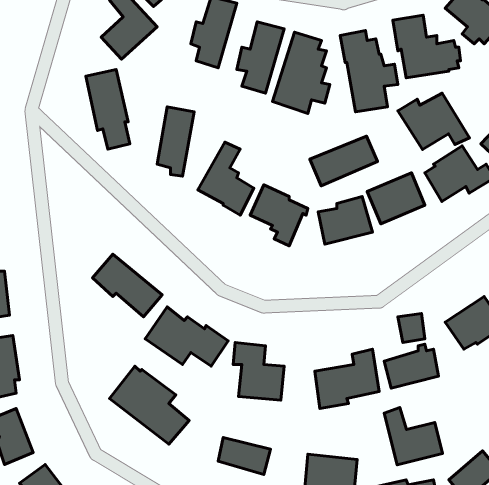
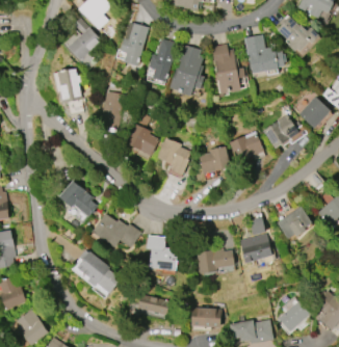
building: [398,93,470,149] -> none
building: [310,136,378,186] -> none
building: [384,408,442,465] -> none

